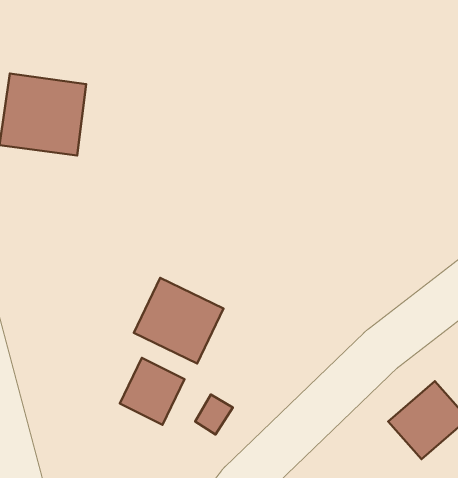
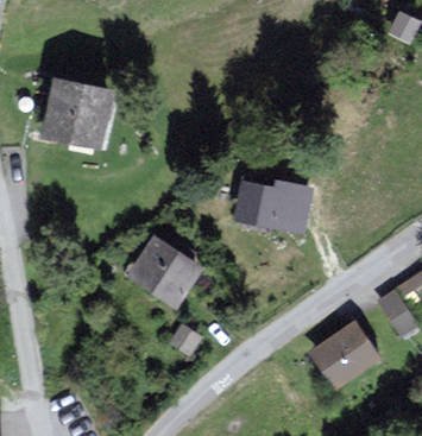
building: none -> [239,181,308,230]
building: [120,358,185,425] -> none

